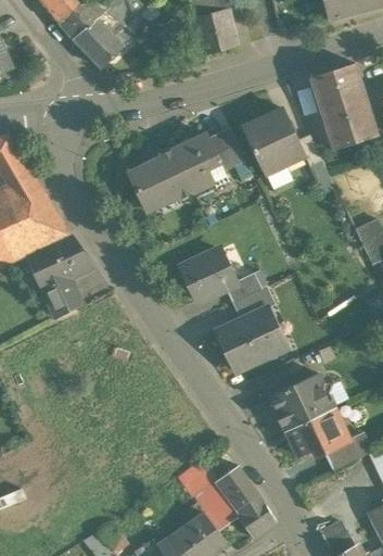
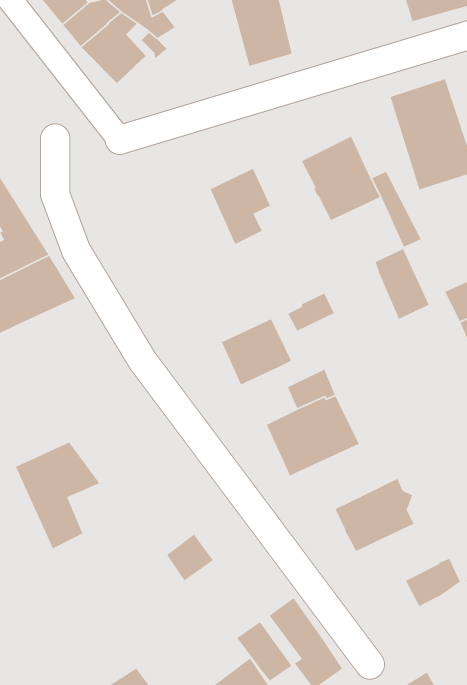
building: [208,129,243,169] -> none
building: [128,149,191,210] -> none
building: none -> [374,248,430,320]
building: [26,233,92,317] -> [15,441,100,549]
building: [224,271,260,302] -> [287,293,335,332]
building: [284,407,348,455] -> none
building: [178,459,215,496] -> [166,534,214,581]

